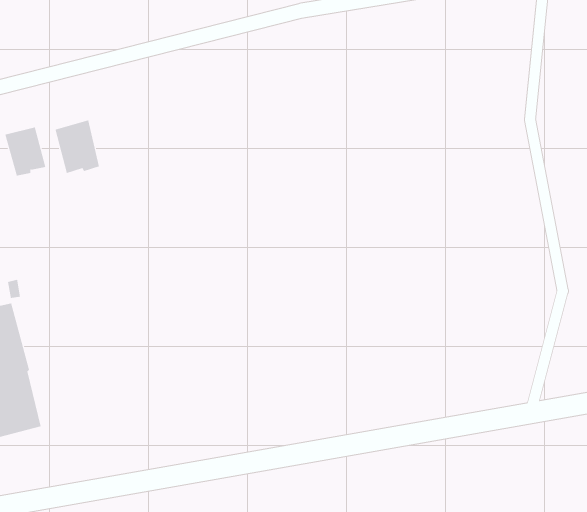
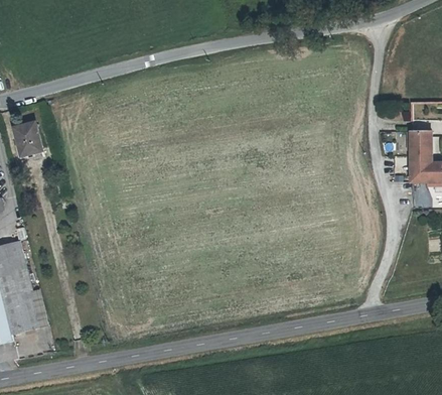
building: [55,120,99,174] -> none

